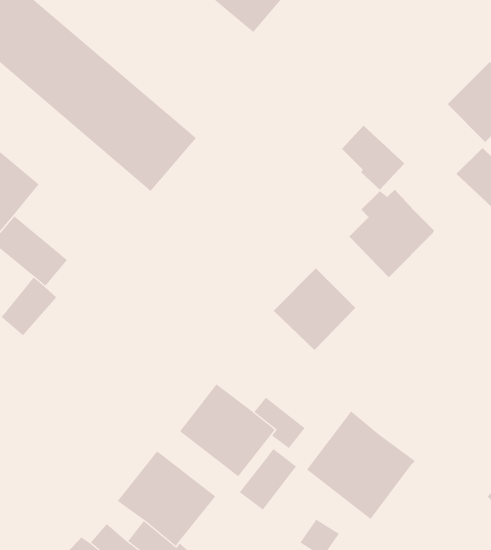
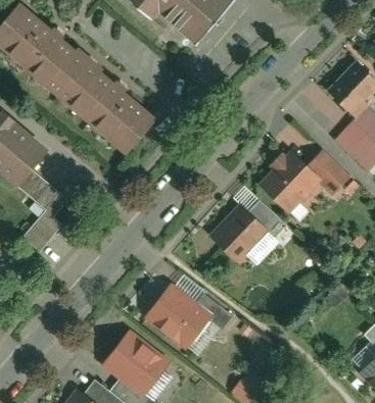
building: [341,125,405,190] -> [306,149,349,194]
building: none -> [246,201,281,236]
building: [306,411,416,520] -> none
building: [239,448,297,510] -> none

